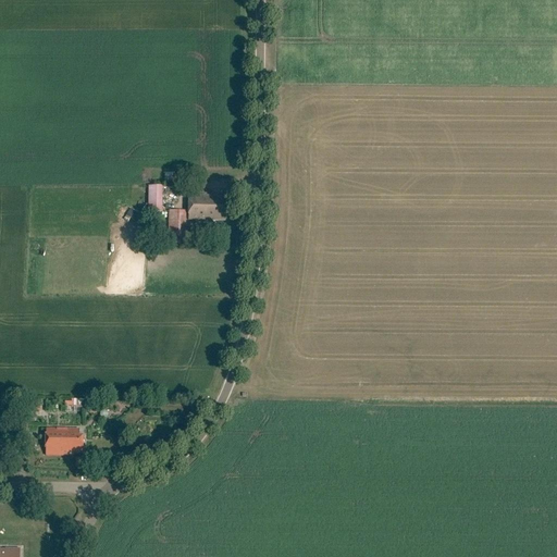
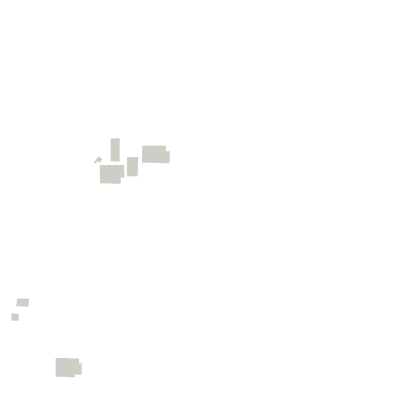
building: none -> [99,164,125,185]
building: [46,426,83,454] -> [55,357,82,378]

